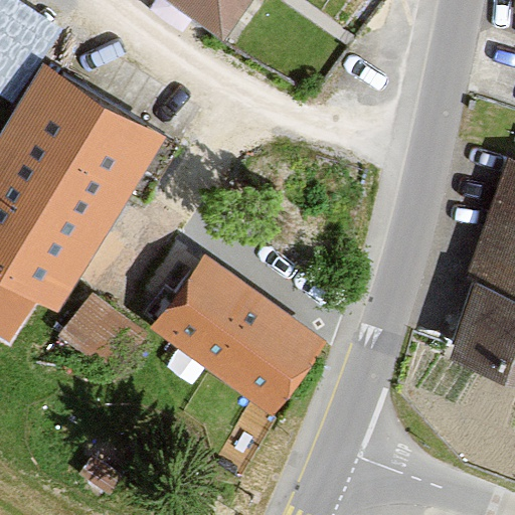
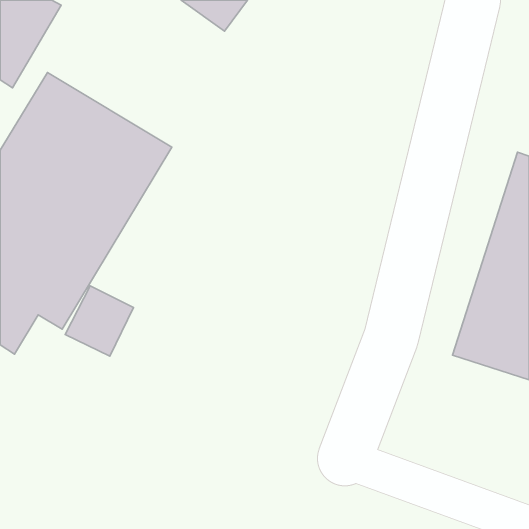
building: [146,250,319,409] -> none

